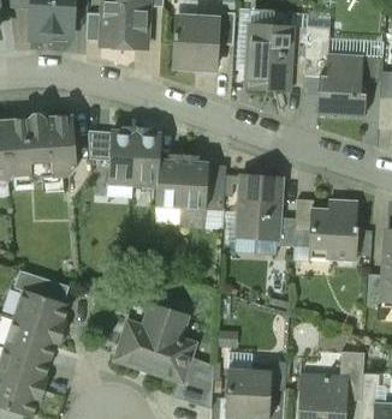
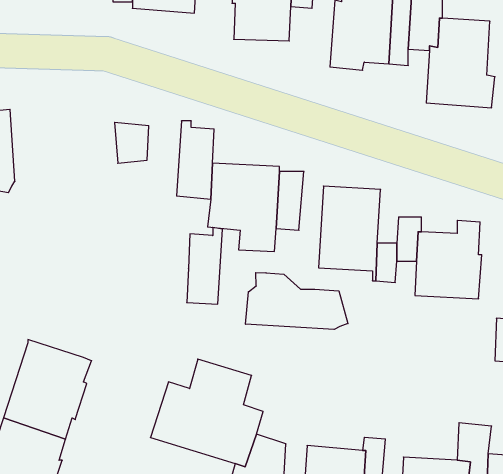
building: [10,112,76,180] -> none
building: [109,126,136,182] -> [187,227,223,304]
building: none -> [246,273,348,329]
building: [13,269,69,301] -> none

